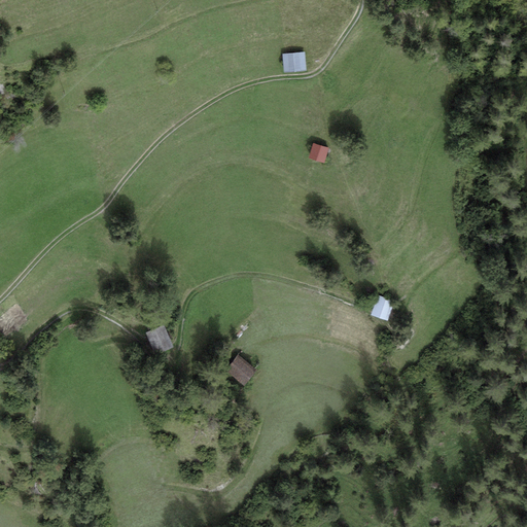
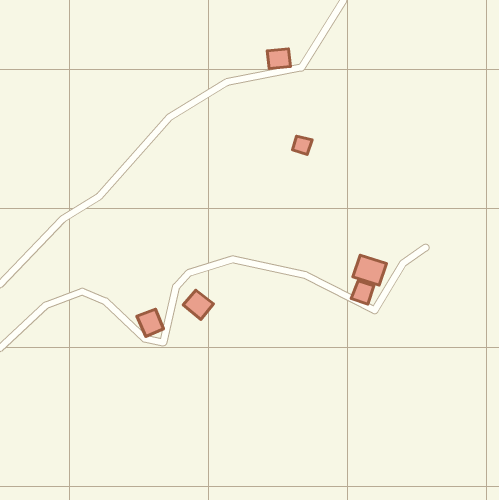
building: none -> [353,255,386,285]
building: [224,355,256,386] -> [183,290,214,320]

